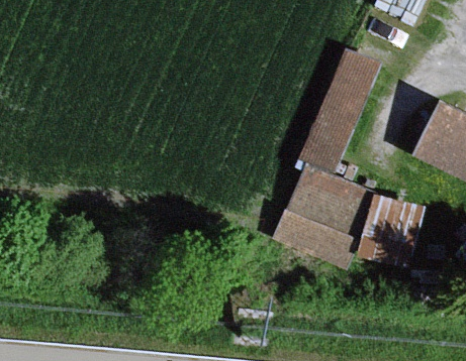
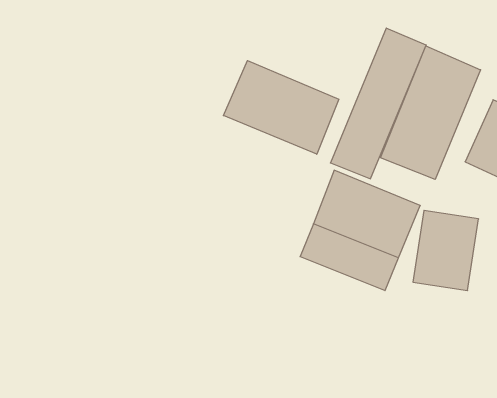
building: none -> [380,46,481,179]
building: none -> [223,61,339,154]

